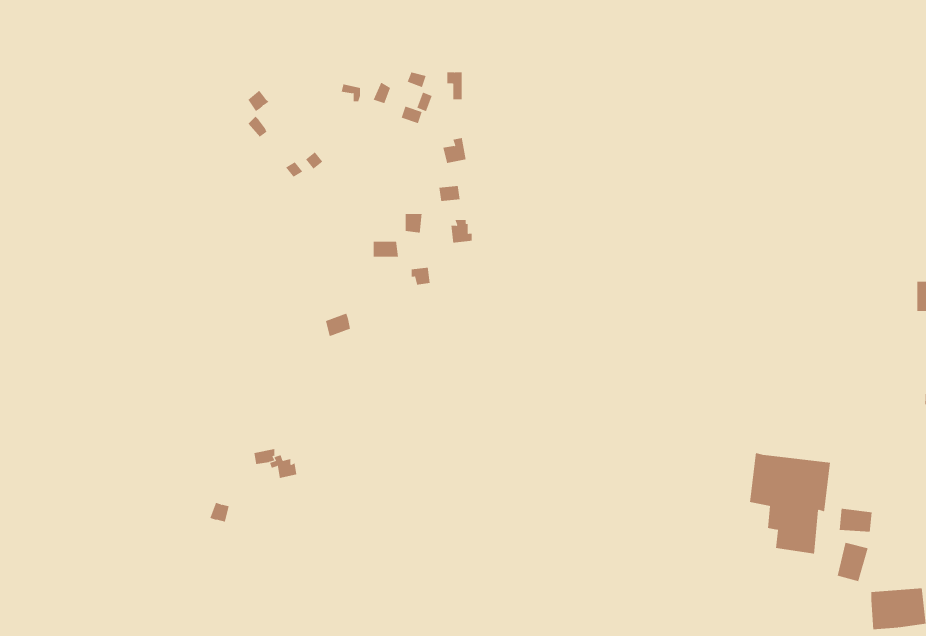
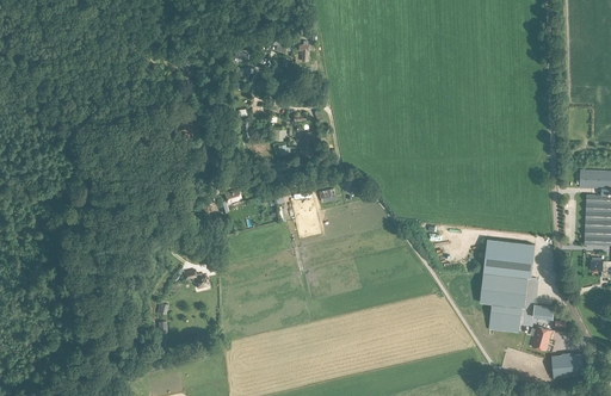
building: none -> [483,239,535,278]

